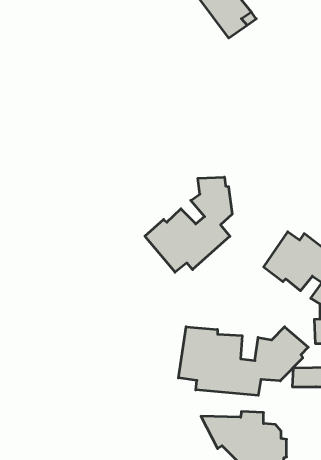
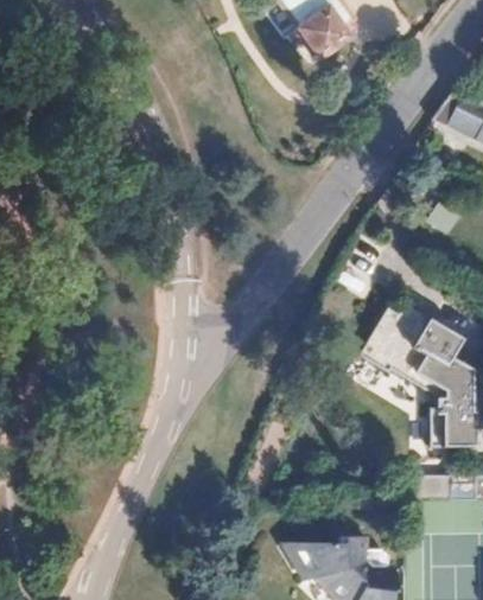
building: [145,177,232,272] -> none
building: [178,327,308,395] -> none

